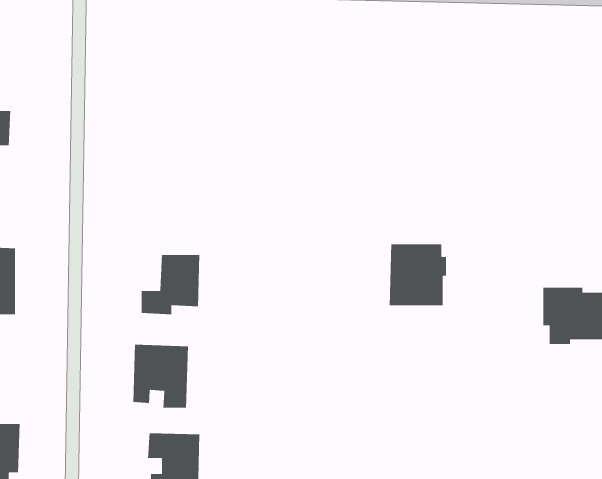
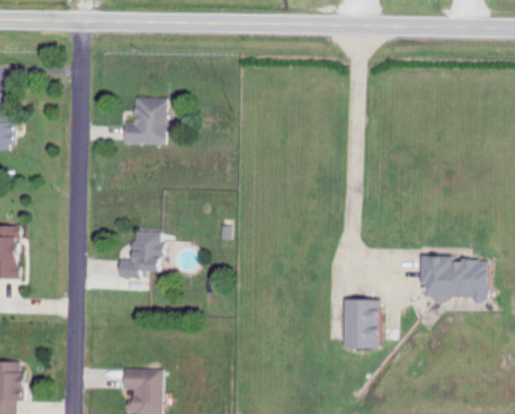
building: none -> [121,97,165,144]
building: [389,244,447,306] -> [343,299,387,348]
building: [133,344,189,409] -> none

